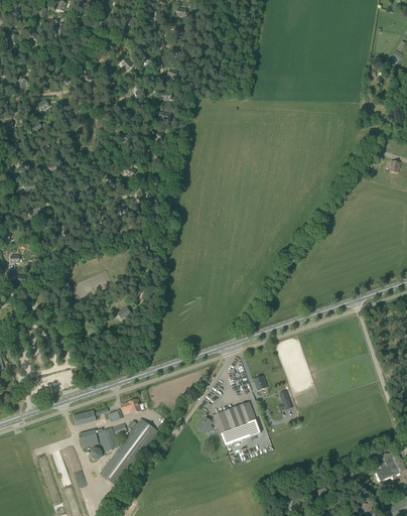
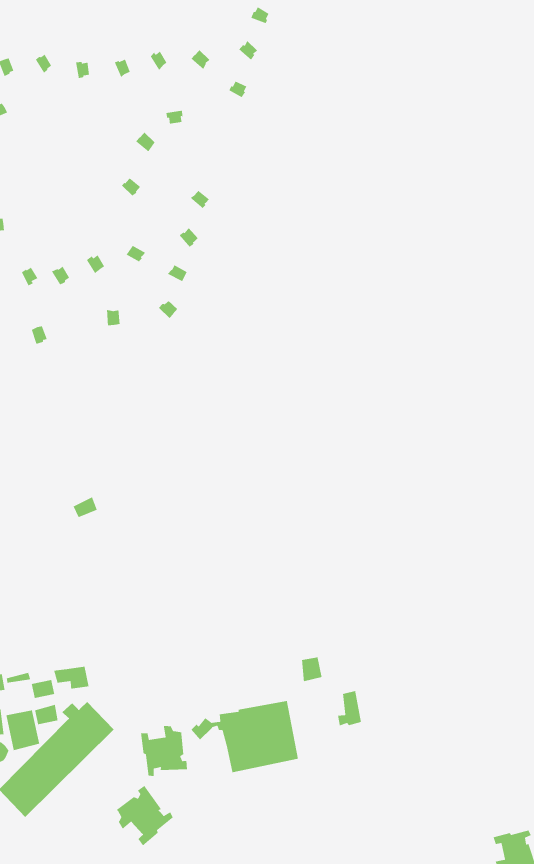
building: none -> [140,725,188,777]
building: none -> [115,785,174,846]

